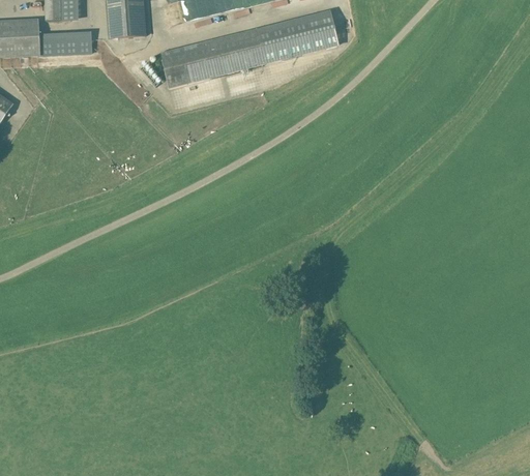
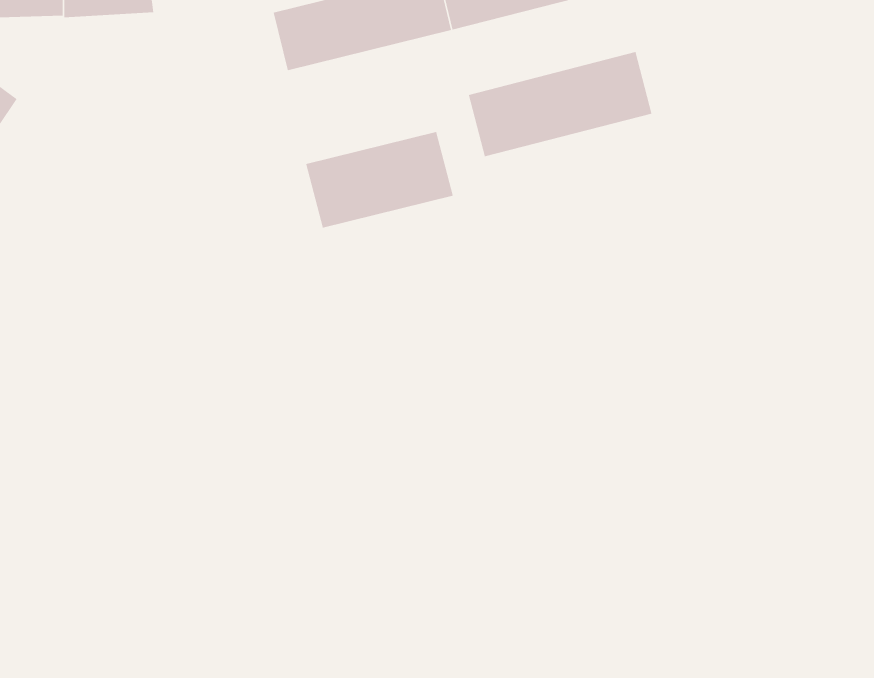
building: none -> [468,51,652,157]
building: none -> [305,131,454,229]

